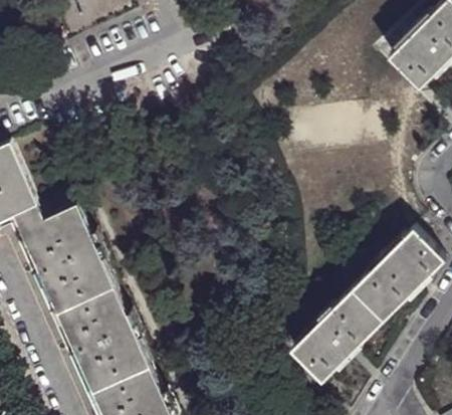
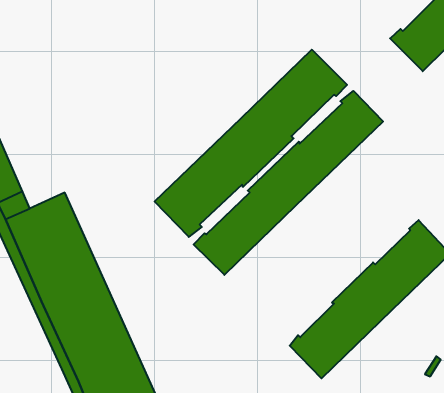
building: none -> [155,50,347,237]
building: none -> [194,91,383,275]

